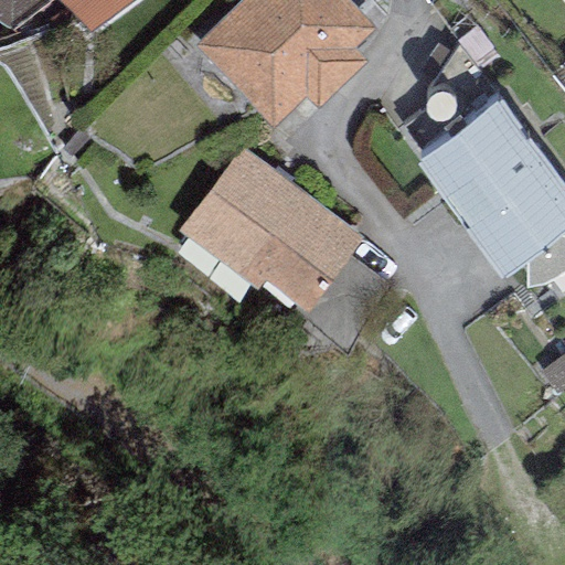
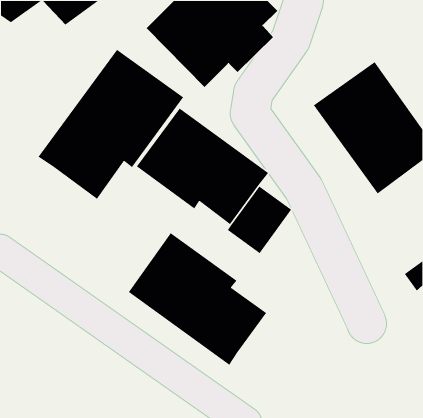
building: none -> [38,49,184,200]
building: none -> [128,232,267,366]

